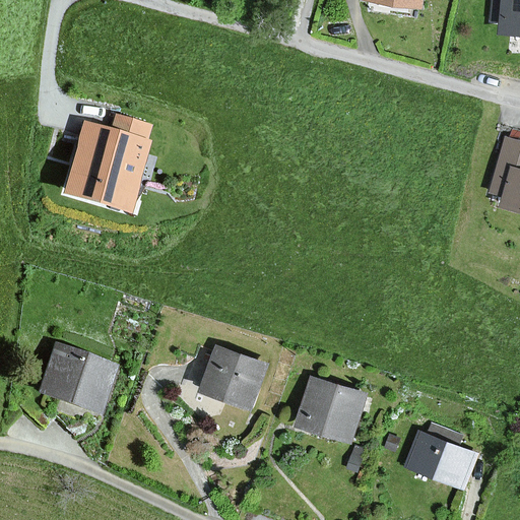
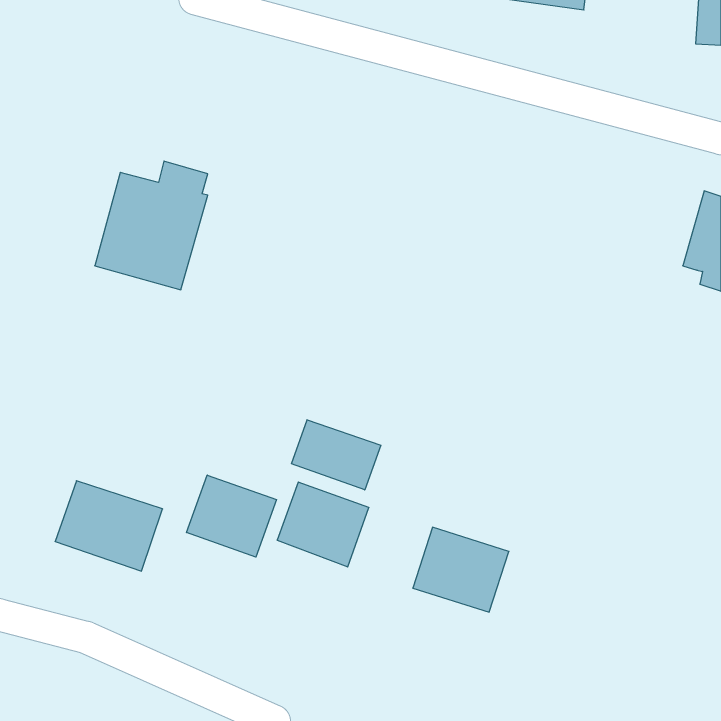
building: none -> [292,420,381,490]
building: none -> [187,475,277,557]
building: [406,433,476,488] -> none

